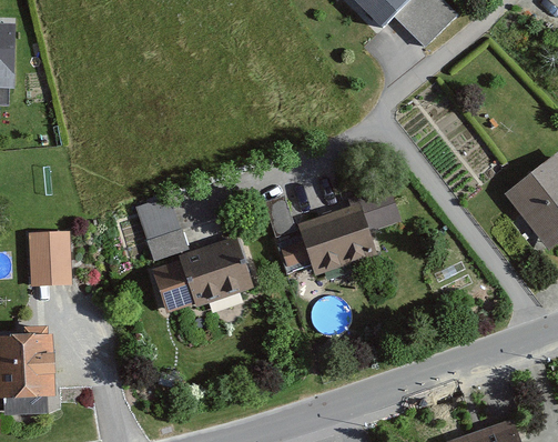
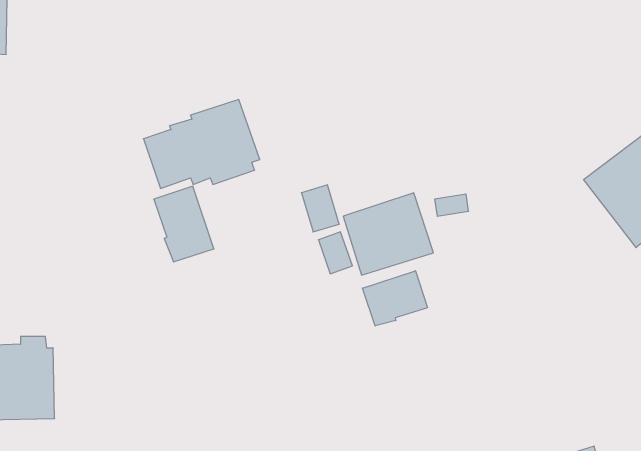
building: [30,231,73,287] -> none
building: [154,237,253,312] -> [143,100,260,188]
building: none -> [362,271,427,326]

